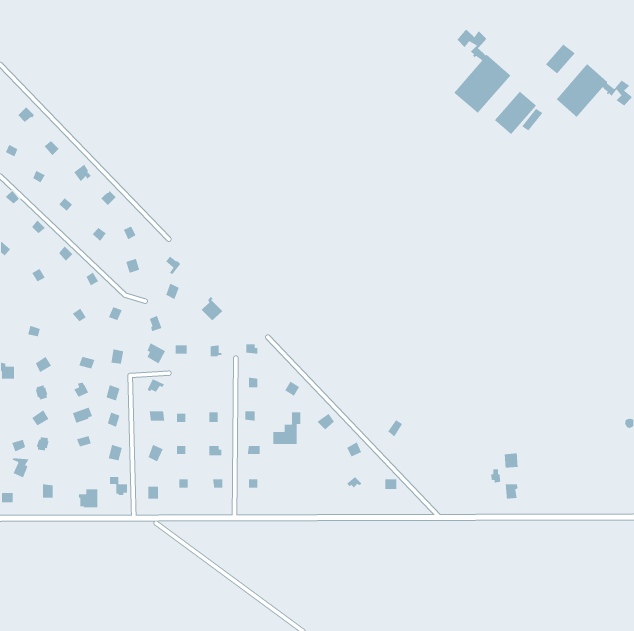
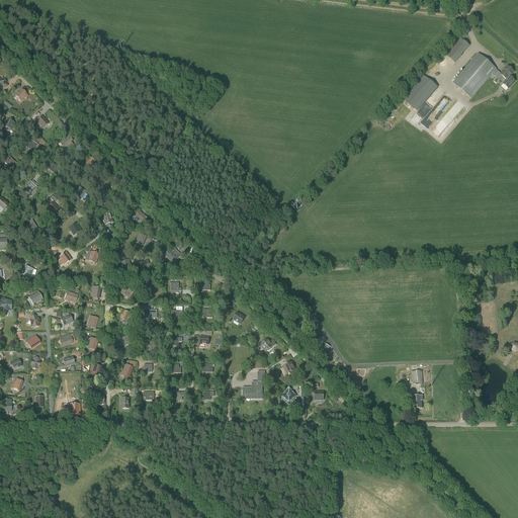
building: [453,29,512,114] -> none
building: [273,411,301,445] -> [242,370,265,398]

